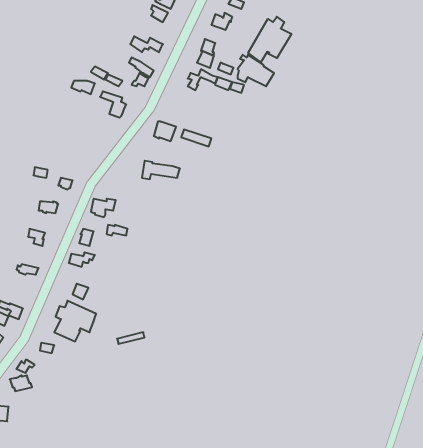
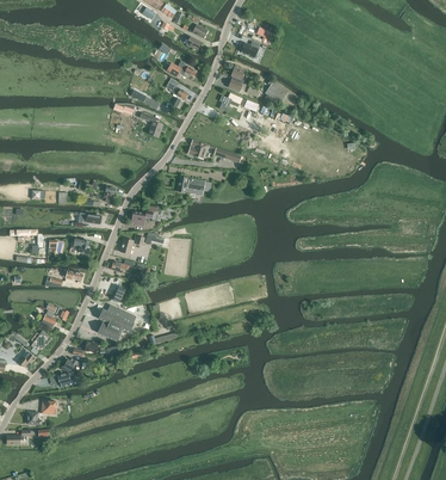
building: [248,17,291,62] -> none

